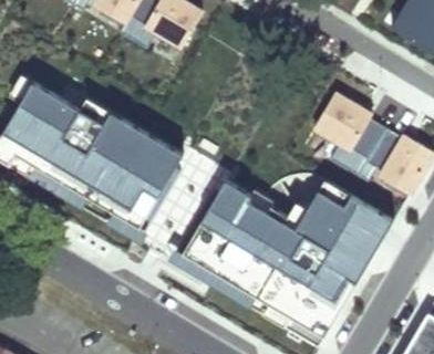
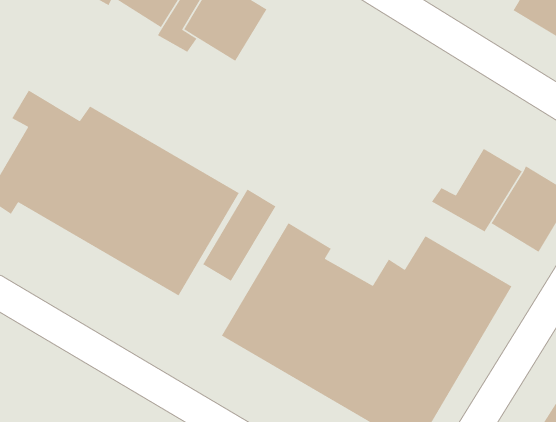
building: [310,93,374,156] -> none

